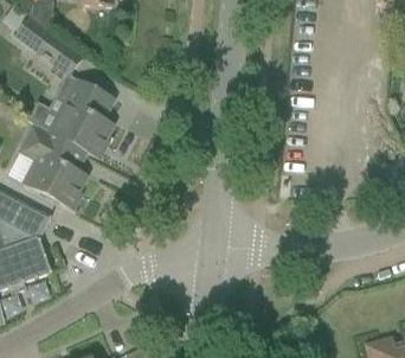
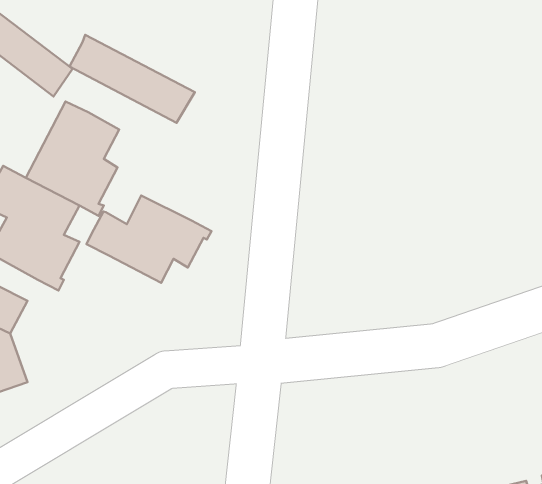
building: none -> [70,35,195,123]
building: none -> [87,195,211,283]

